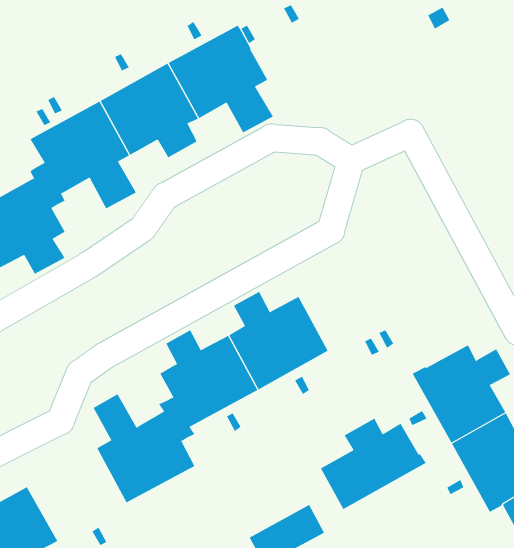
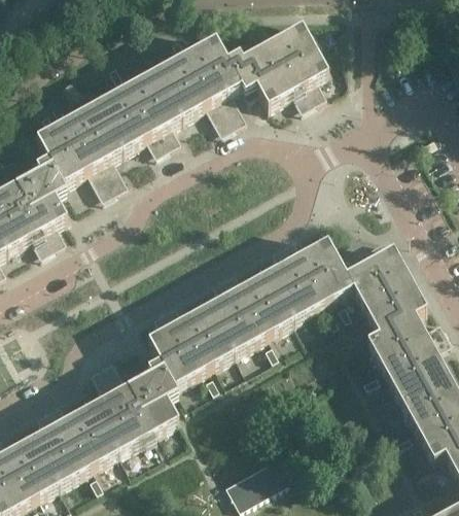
building: none -> [227,22,328,104]
building: none -> [269,233,427,331]
building: [320,418,426,510] -> none
building: none -> [34,398,119,481]

